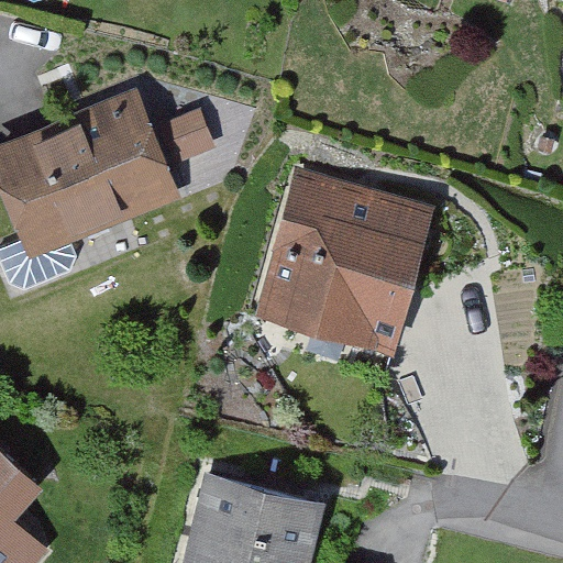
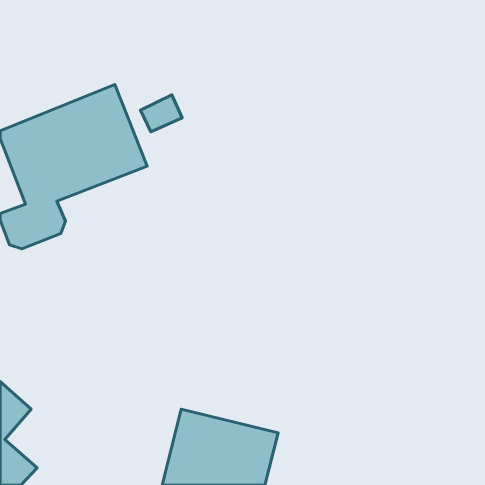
building: [271,179,416,374] -> none

